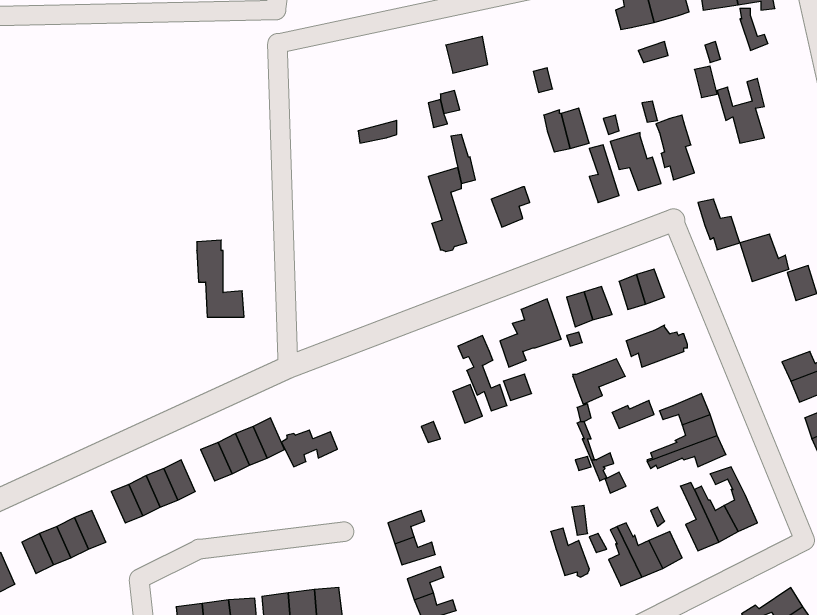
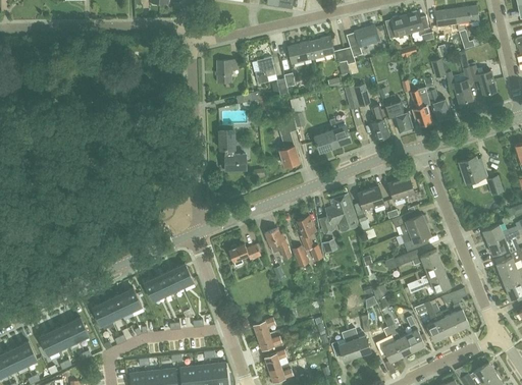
building: none -> [349,28,379,57]
building: none -> [309,37,333,58]
building: none -> [255,57,276,85]
building: none -> [216,60,238,83]
building: none -> [469,65,497,96]
building: none -> [329,118,352,148]
building: [698,199,740,250] -> [426,90,451,119]
building: [197,240,244,317] -> [219,124,247,169]
building: none -> [265,228,292,259]
building: [573,359,625,404] -> [401,225,431,252]
building: [281,430,337,467] -> [228,243,261,265]
building: none -> [331,330,357,361]

